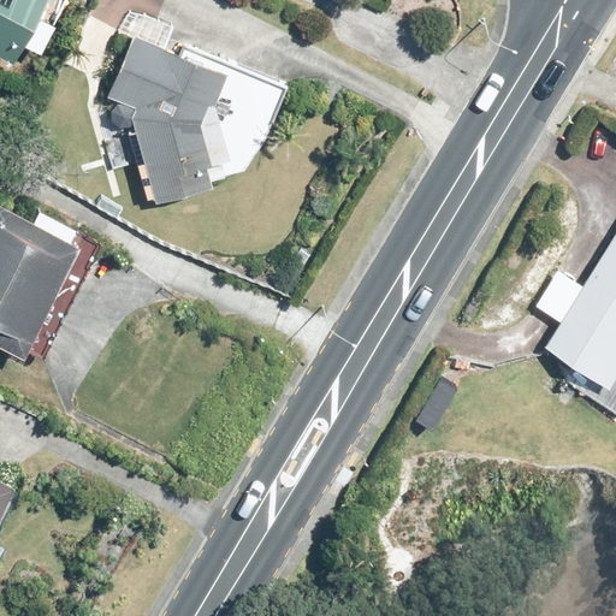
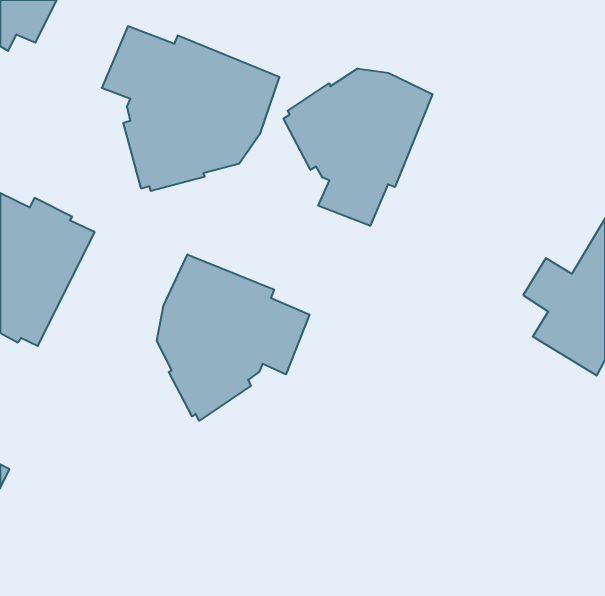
building: none -> [283,68,433,226]
building: none -> [157,254,309,421]

